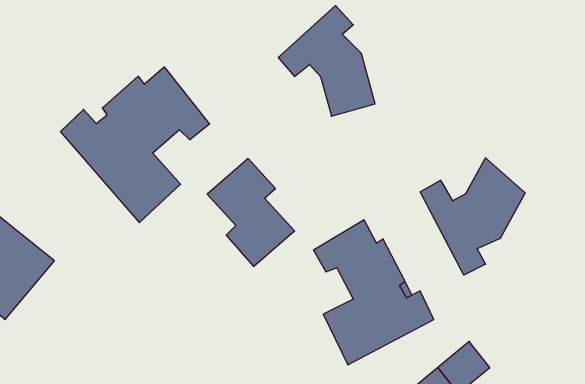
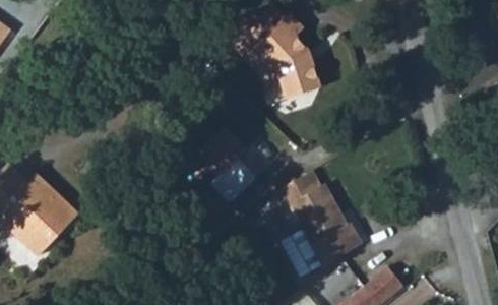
building: [61,67,210,223] -> none
building: [420,158,525,275] -> none

